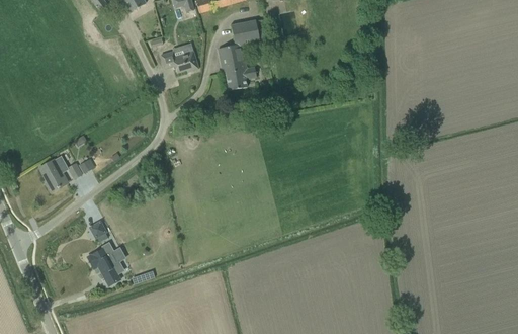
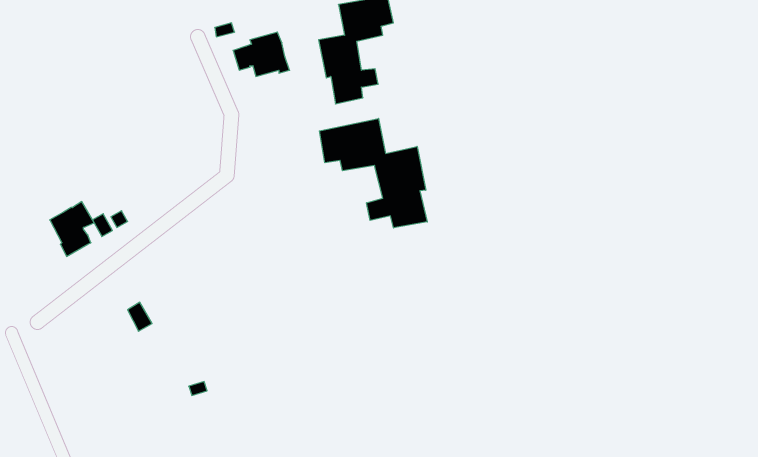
building: none -> [319,118,427,228]
building: [88,242,121,285] -> none

